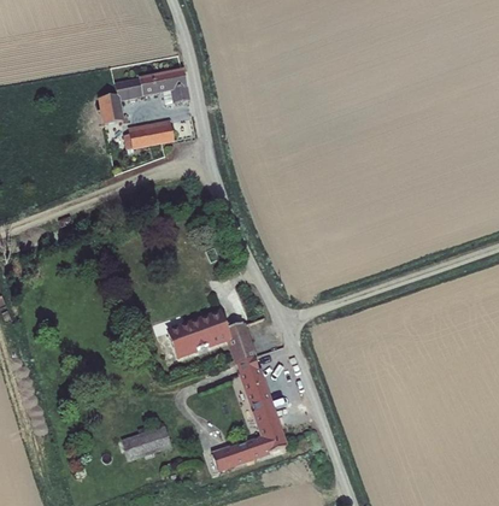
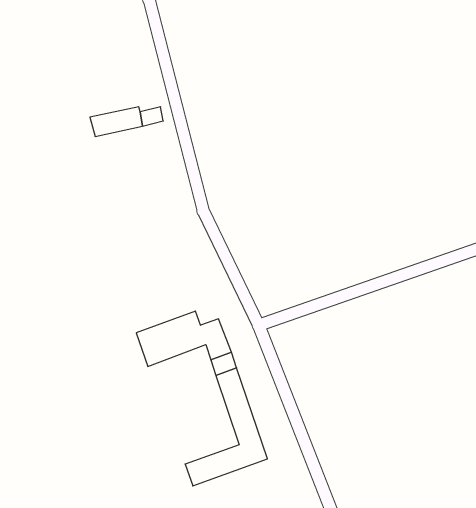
building: [84,71,184,122] -> none
building: [122,426,169,459] -> none

